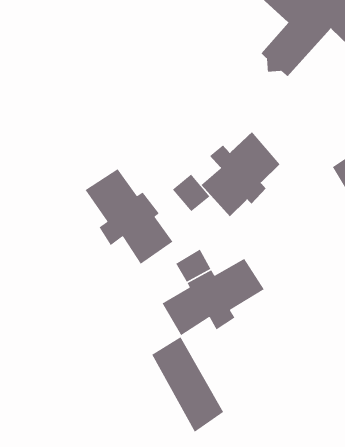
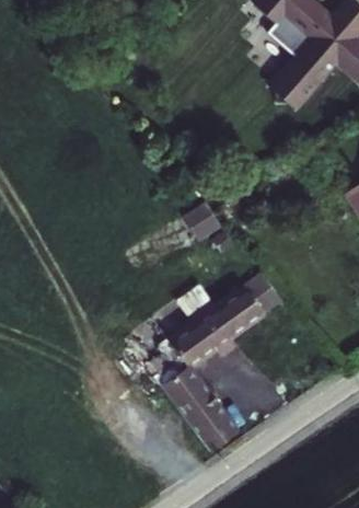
building: [200,131,280,217] -> none
building: [84,168,173,265] -> none

